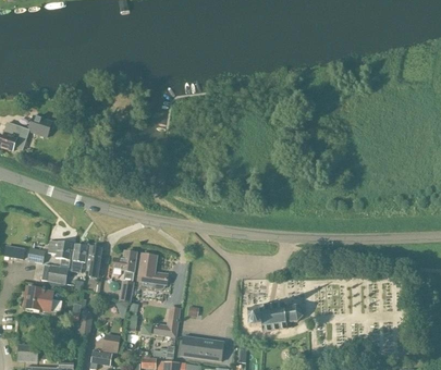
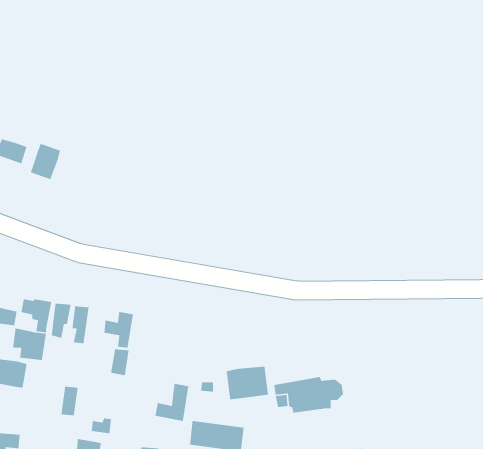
building: none -> [30,143,61,180]
building: [139,254,168,288] -> none
building: none -> [226,366,269,400]

